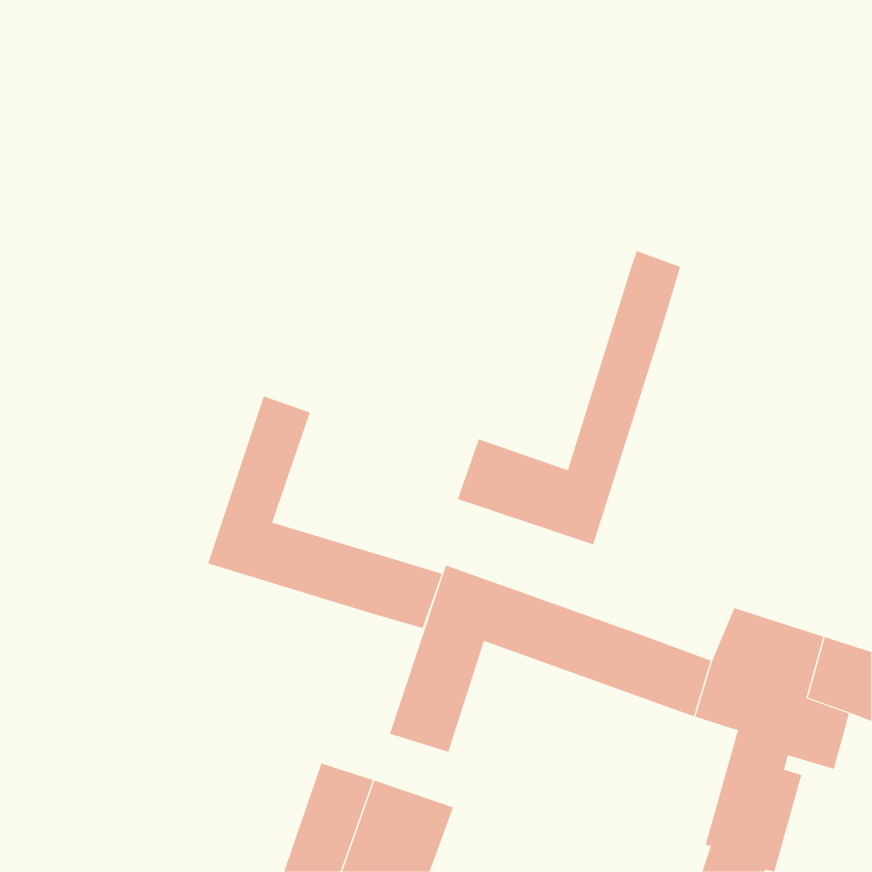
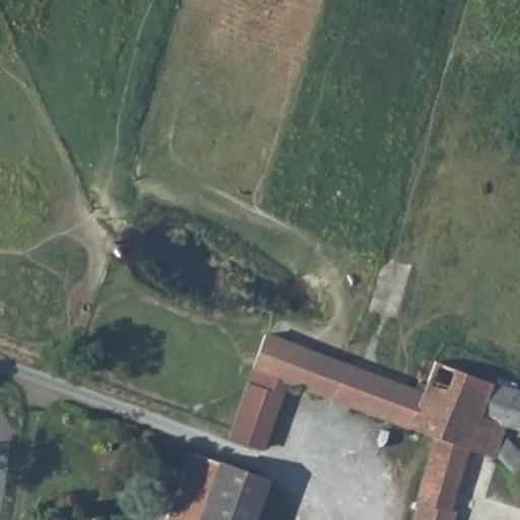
building: [457,250,681,545] -> none
building: [207,396,442,629] -> none

